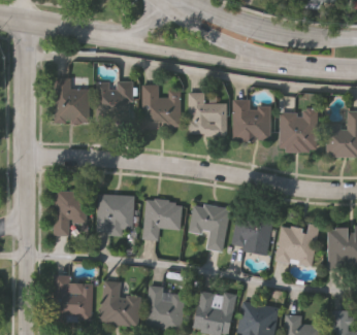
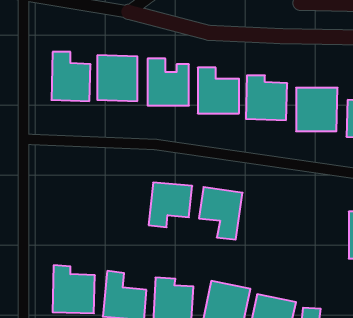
building: [54,190,85,234] -> none
building: [95,193,136,233] -> none
building: [232,211,273,252] -> none
building: [275,223,320,266] -> none

